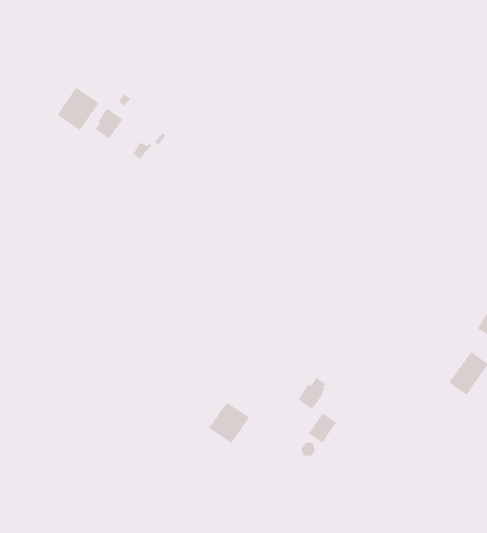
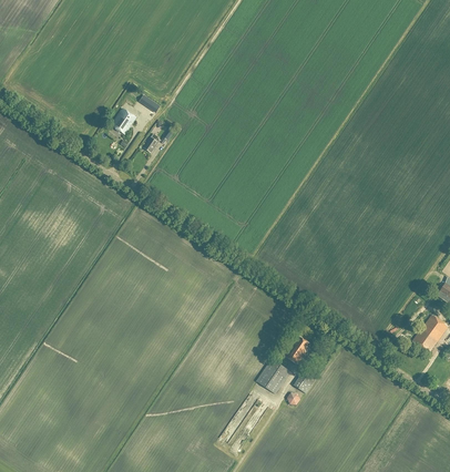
building: [57,87,99,131] -> none
building: [208,402,250,444] -> [256,358,292,393]

